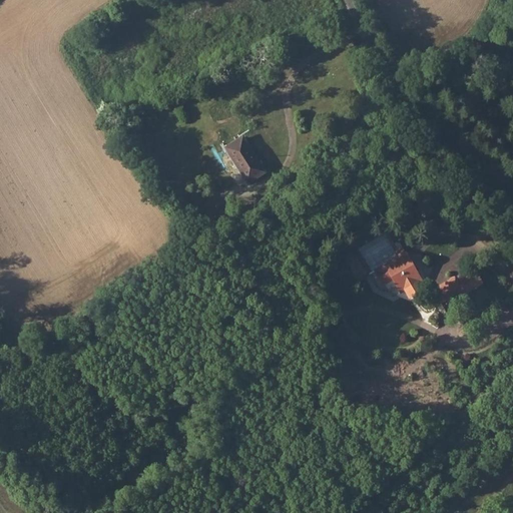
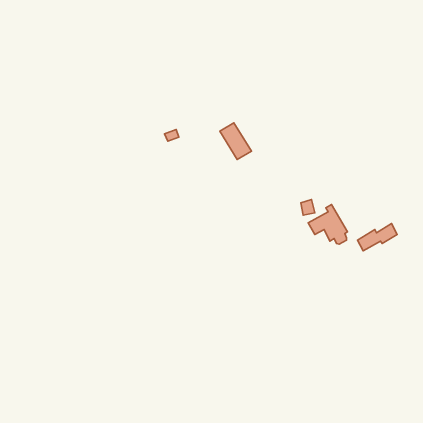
building: [226,138,265,182] -> [220,123,251,159]

